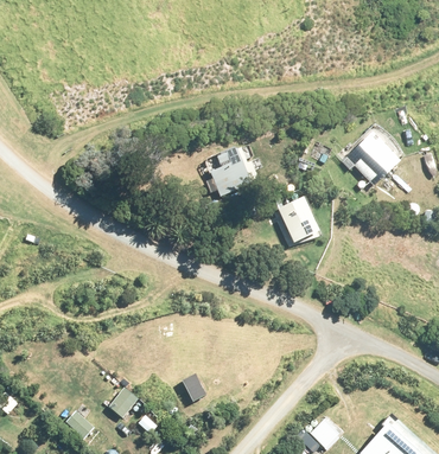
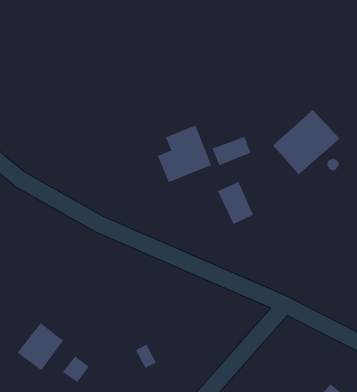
building: none -> [212,136,251,166]
building: none -> [16,322,64,371]

